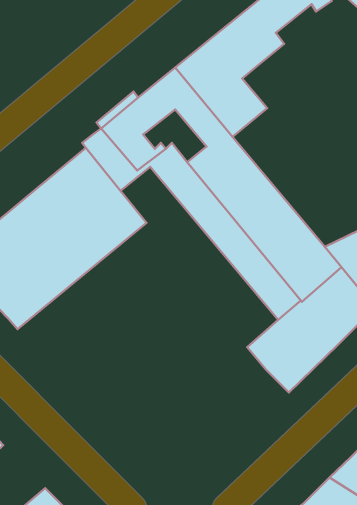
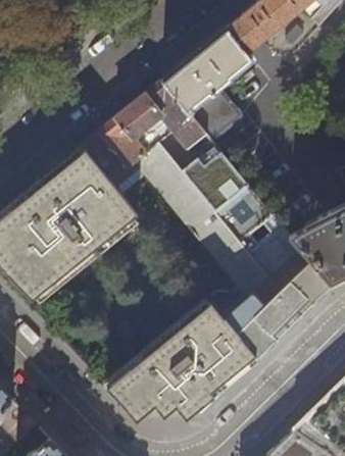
building: none -> [103,302,258,413]

